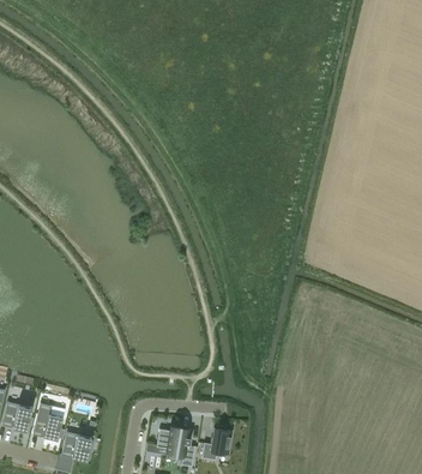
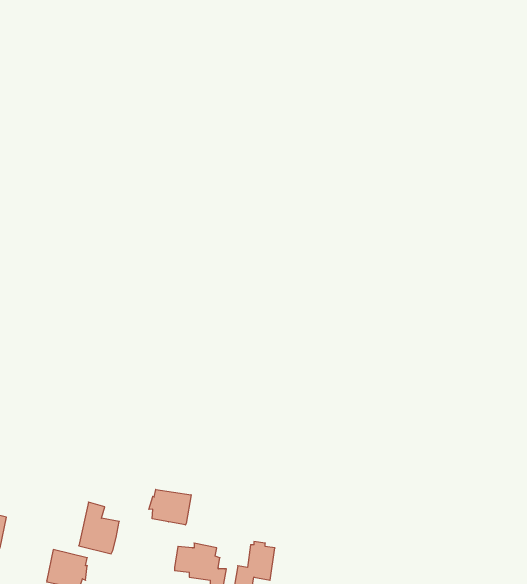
building: none -> [149,489,191,525]
building: [34,403,64,442] -> [79,502,119,554]

